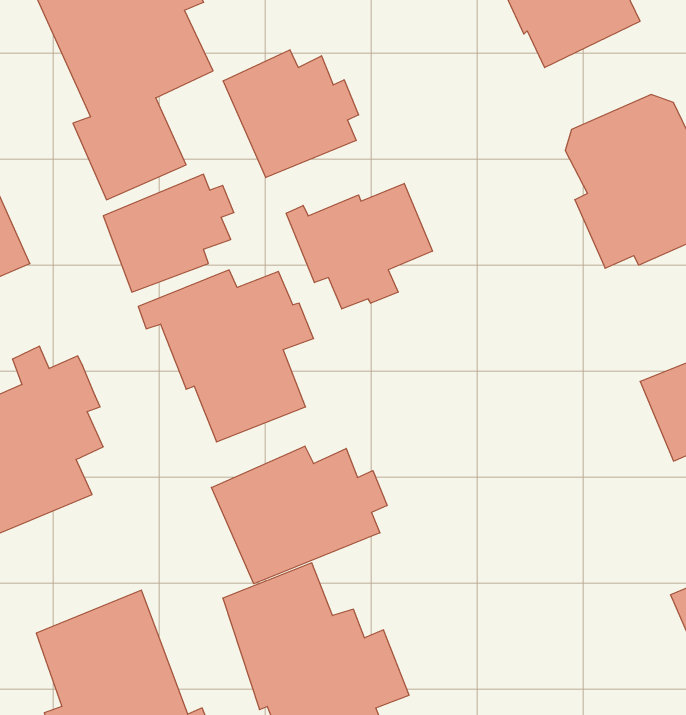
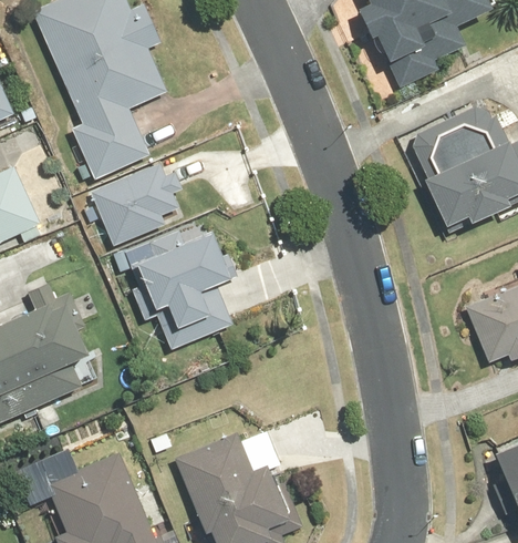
building: [223,50,359,178] -> none
building: [286,183,432,309] -> none
building: [211,446,387,584] -> none

